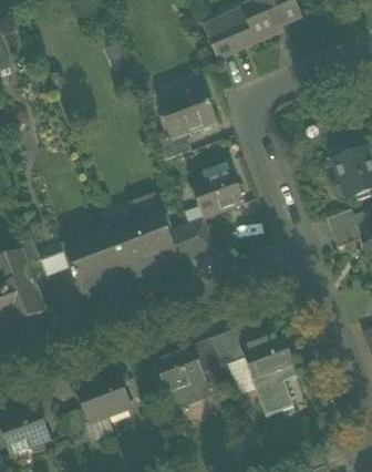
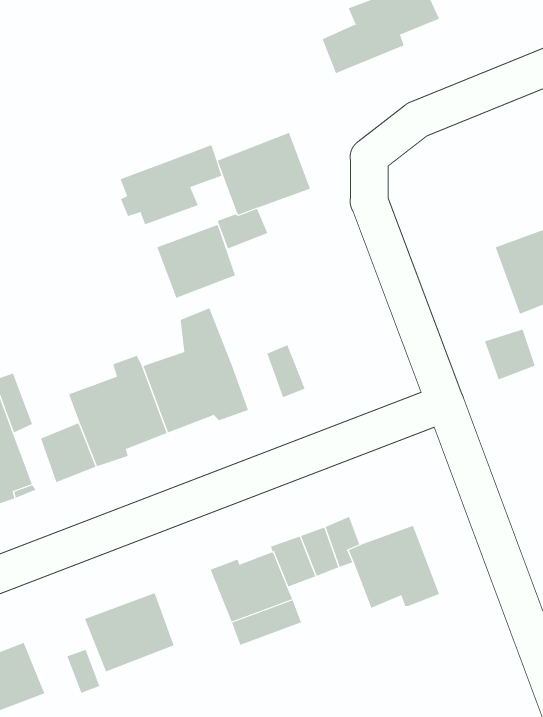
building: [204,18,233,57] -> none
building: none -> [120,145,222,225]
building: [193,171,242,217] -> [156,224,236,299]
building: [168,225,199,260] -> none
building: [255,377,287,415] -> none

